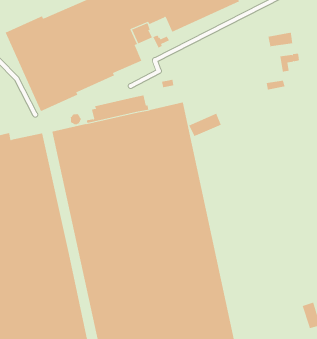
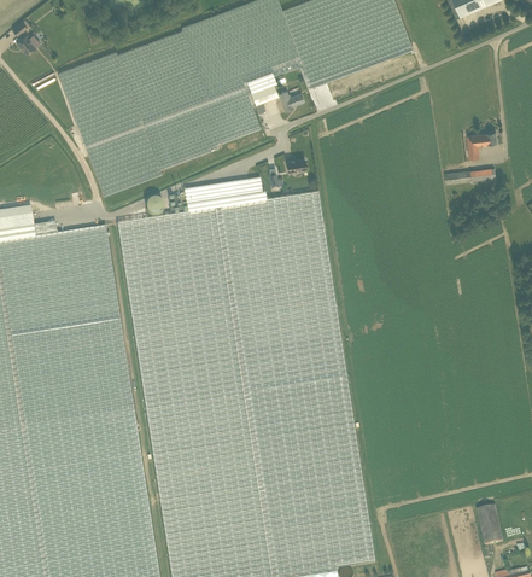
building: [268,32,293,48] -> none
building: [188,113,221,137] -> none

